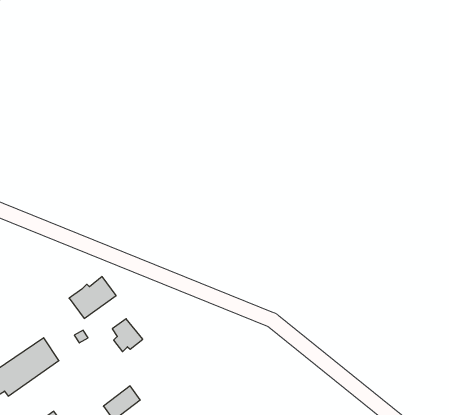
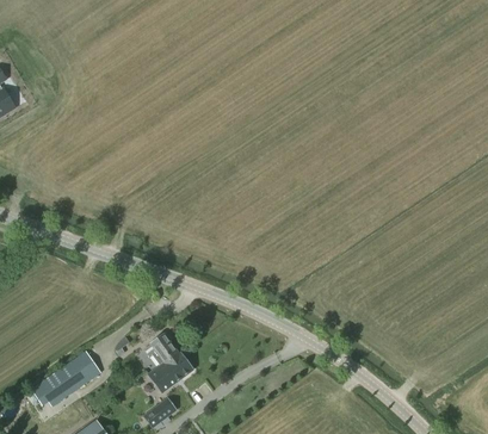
building: [69,277,116,318] -> [148,352,192,391]

